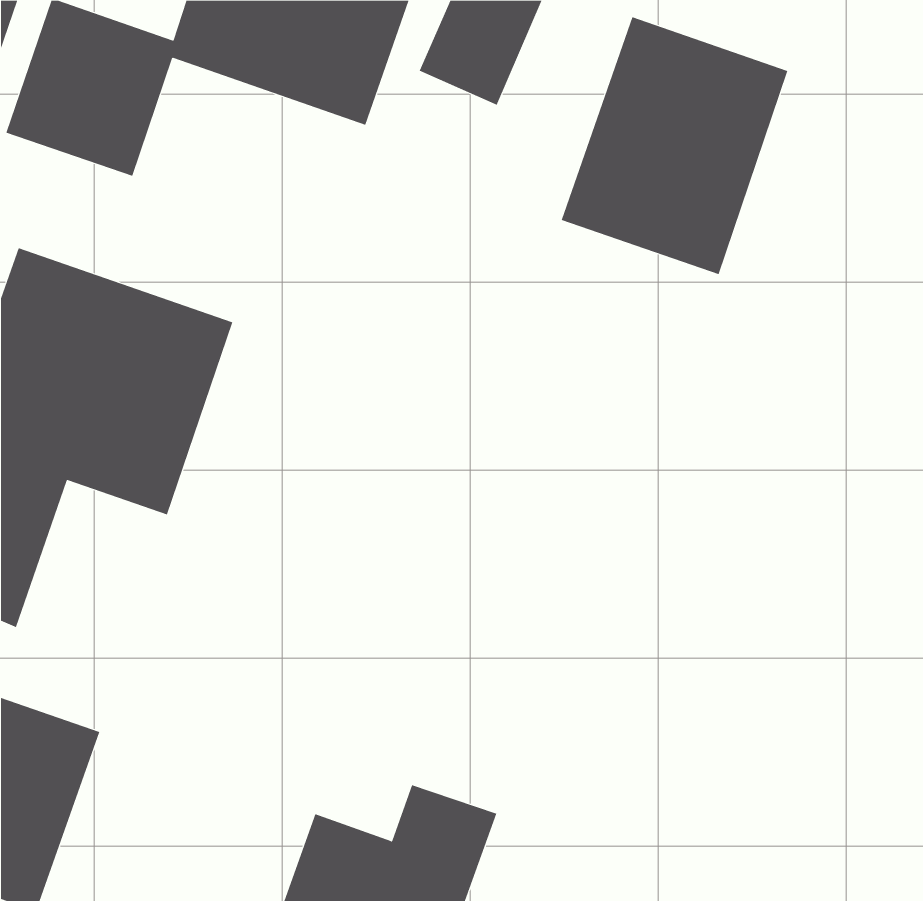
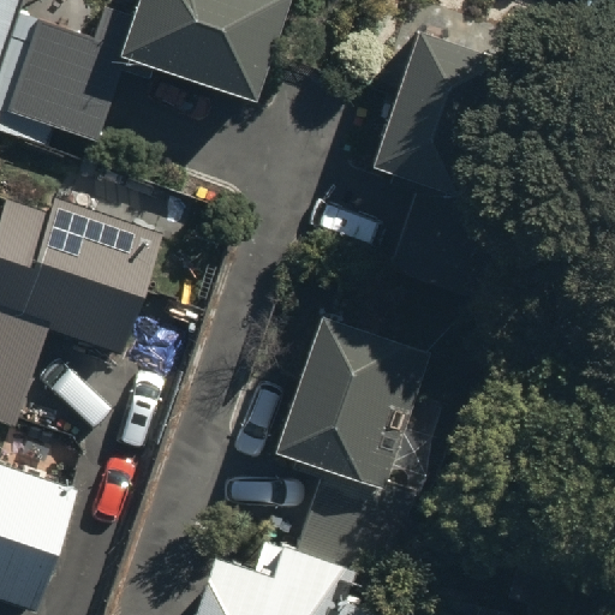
building: none -> [271,311,422,491]

